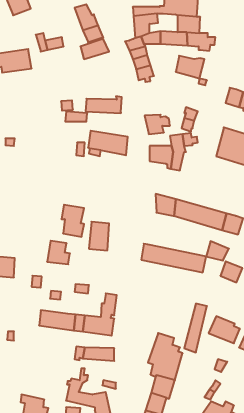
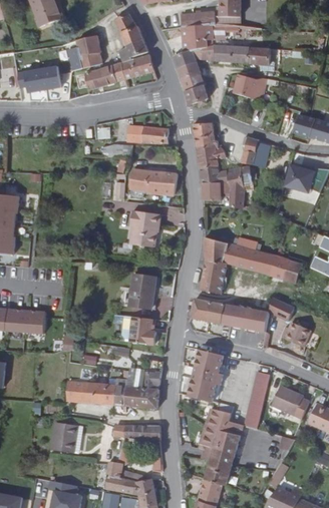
building: none -> [74,36,98,57]
building: none -> [83,64,123,91]
building: none -> [193,121,221,148]
building: none -> [201,166,228,182]
building: [61,205,84,237] -> [132,207,159,245]
building: none -> [206,262,231,297]
building: [47,241,70,264] -> [129,315,156,343]
building: none -> [189,347,225,399]
building: none -> [51,421,78,451]

